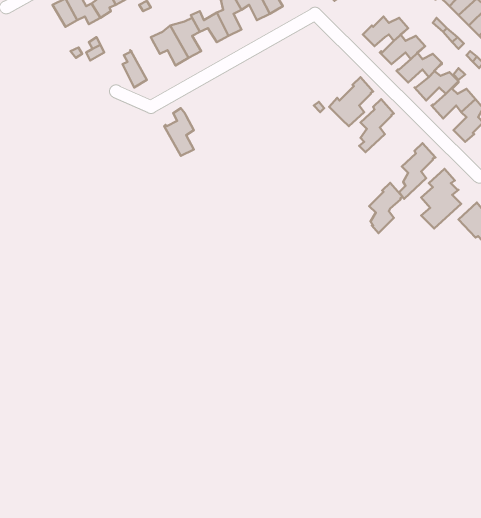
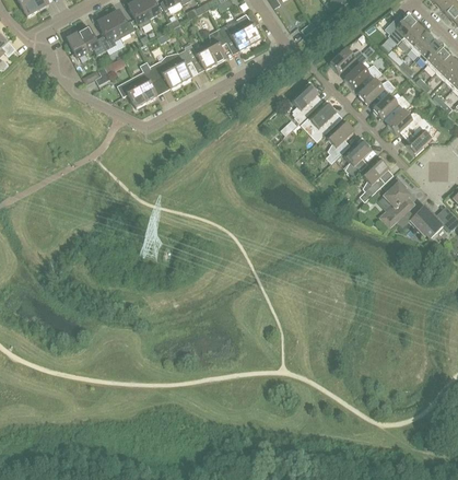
building: none -> [292,80,320,121]
building: [164,108,194,156] -> [132,60,157,101]
building: [369,183,403,233] -> [344,136,373,178]

